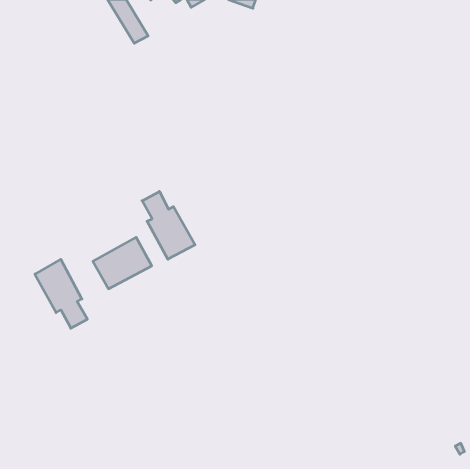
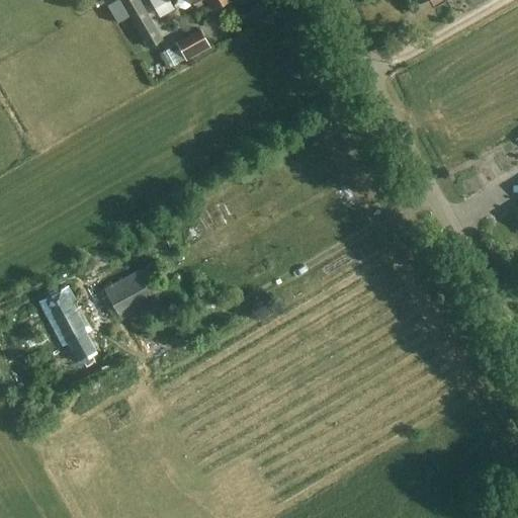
building: none -> [176,28,209,59]
building: [142,191,195,259] -> none

